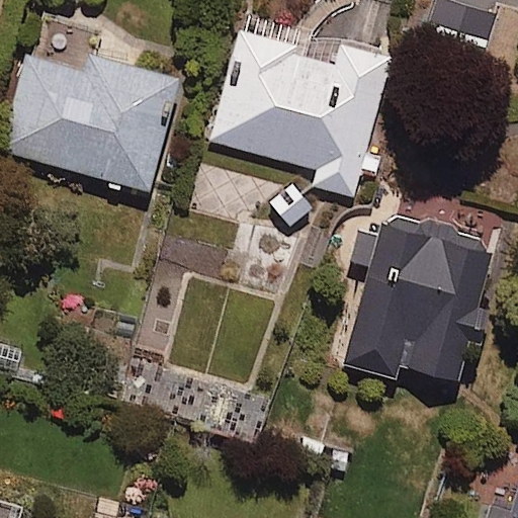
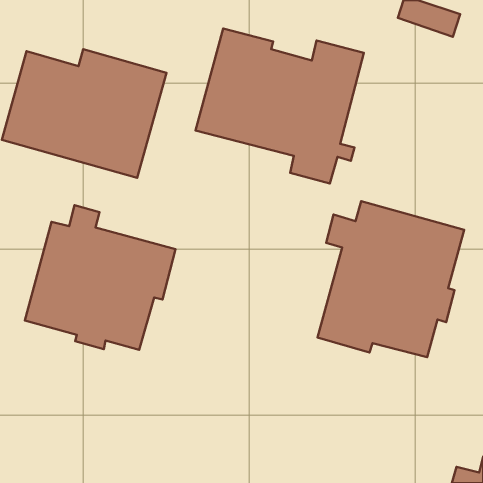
building: none -> [25,205,175,350]

